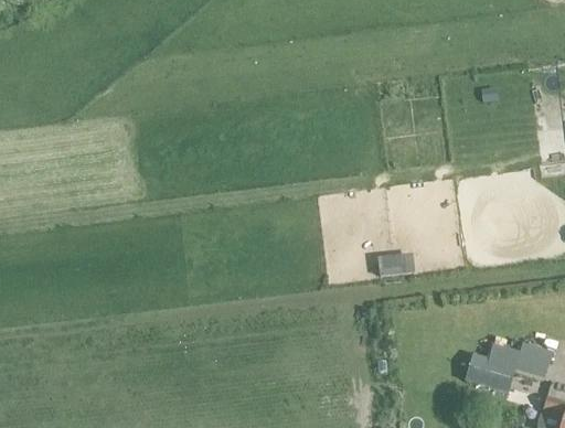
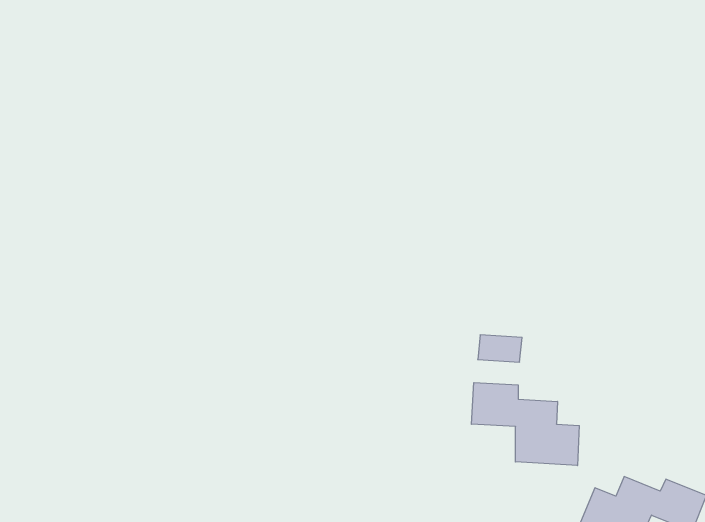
building: none -> [471,383,579,466]

